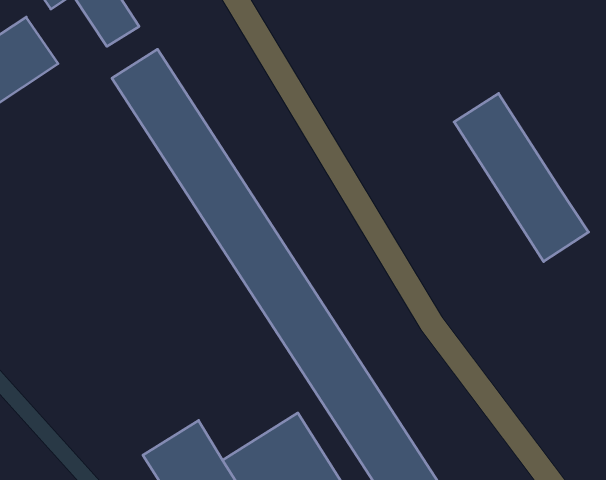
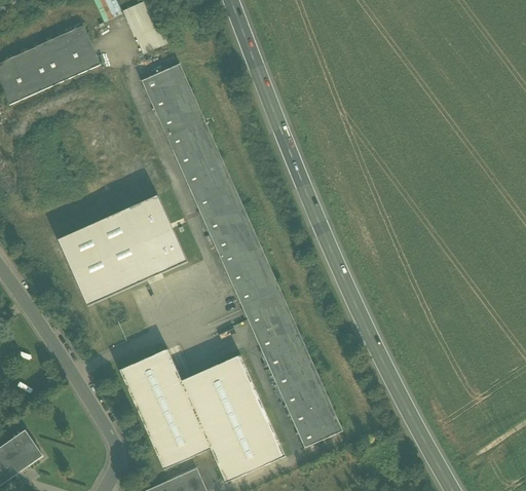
building: [454,93,589,262] -> none
building: none -> [59,195,185,301]

